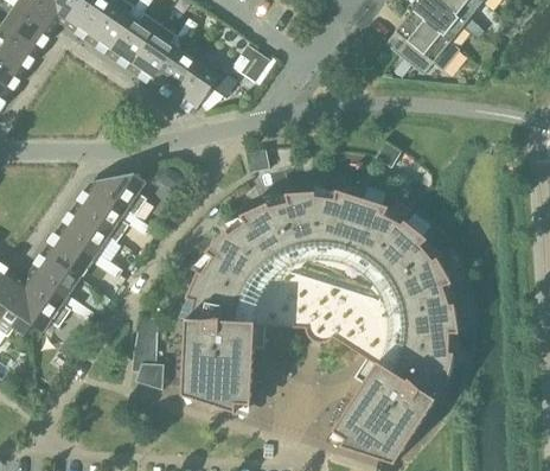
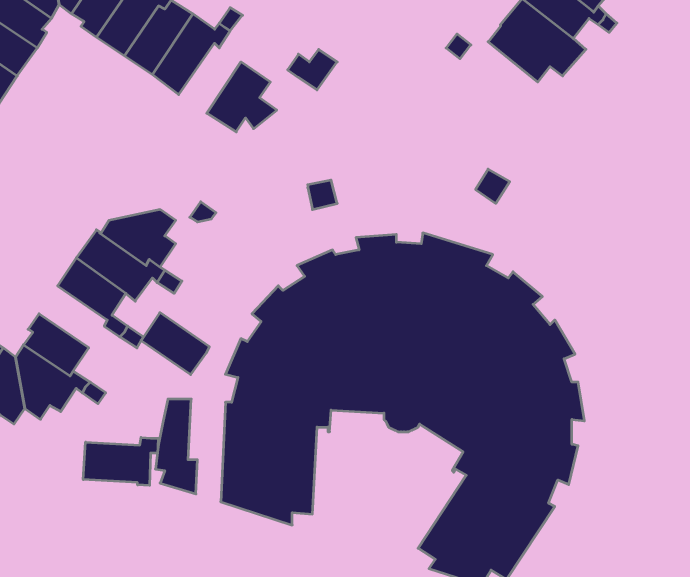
building: [151,43,198,96] -> none
building: [44,228,96,275] -> [141,313,209,375]
building: none -> [83,437,158,485]

